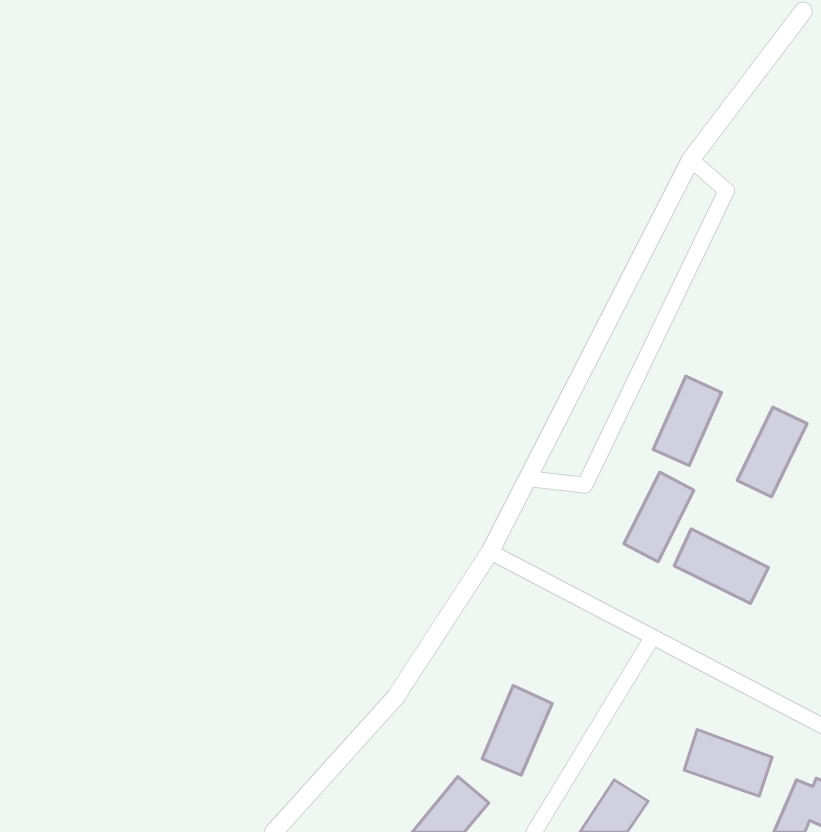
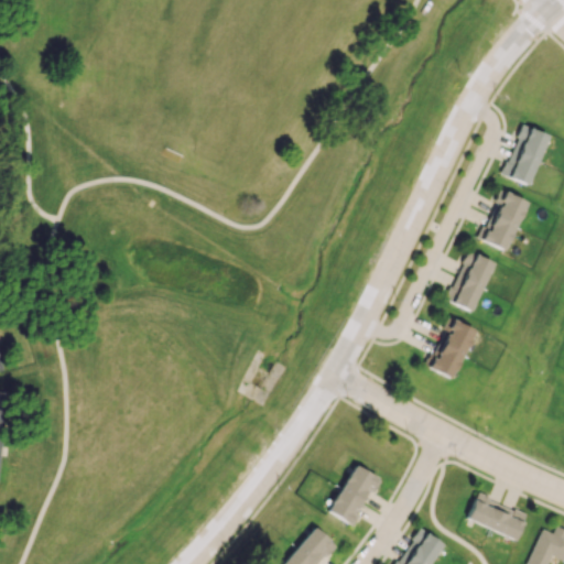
building: none -> [505,126,551,187]
building: [737,407,807,497] -> [481,193,529,253]
building: [674,529,769,603] -> none

